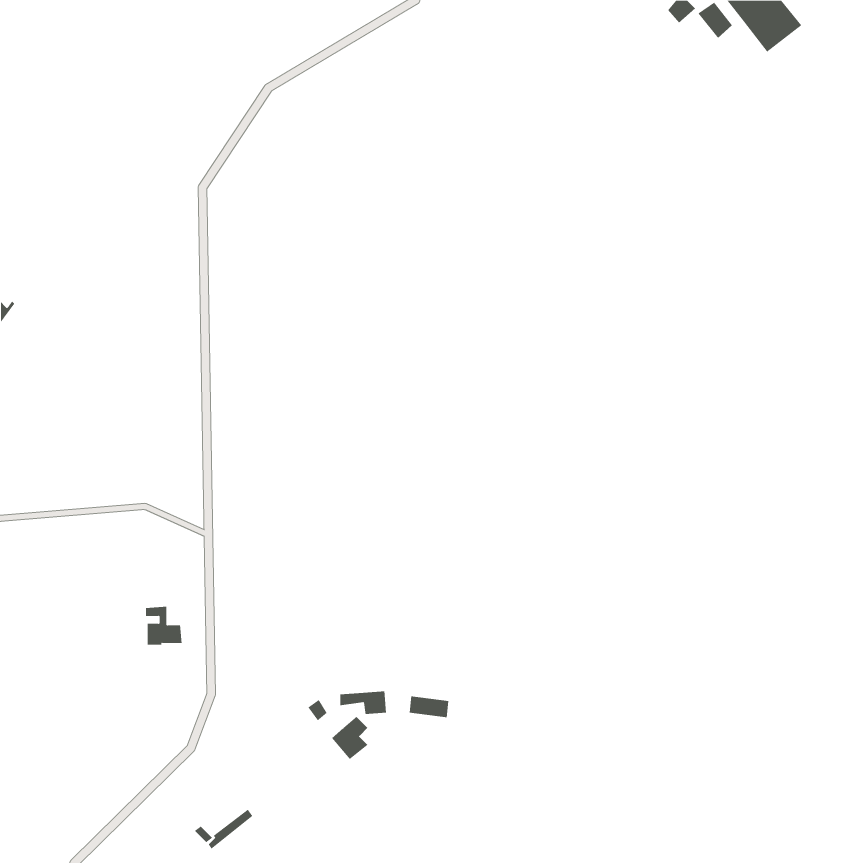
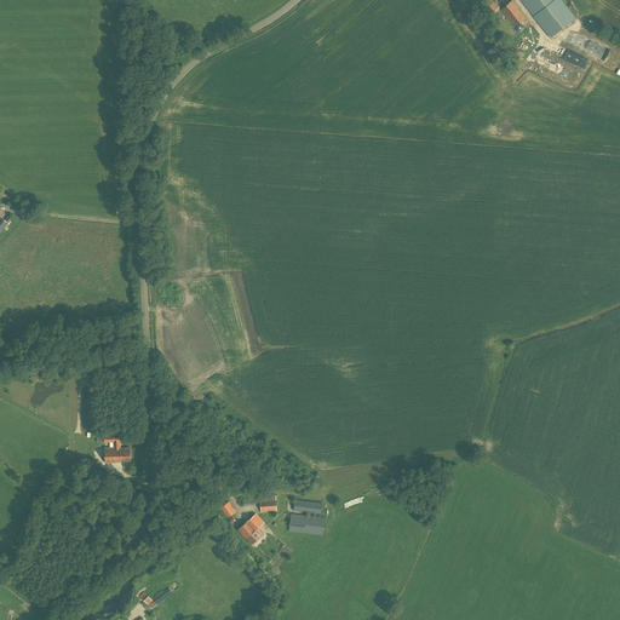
building: none -> [289,513,326,535]

